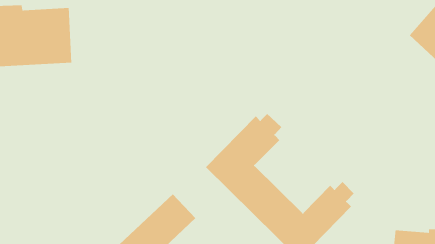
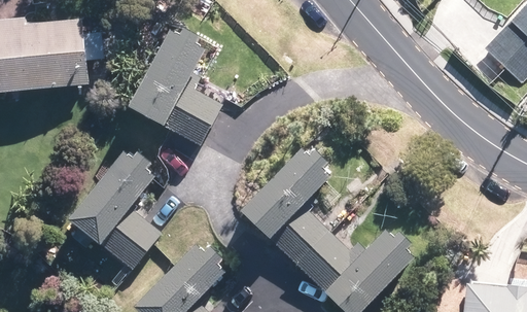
building: none -> [131,24,219,145]
building: none -> [69,149,160,269]

